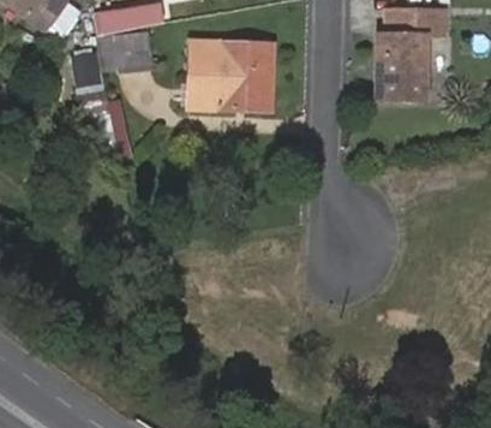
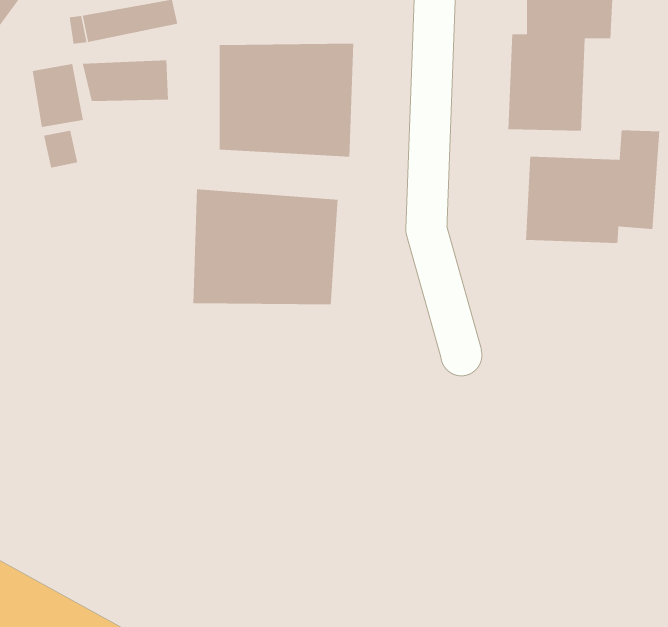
building: none -> [525,130,660,244]
building: none -> [192,188,339,305]

